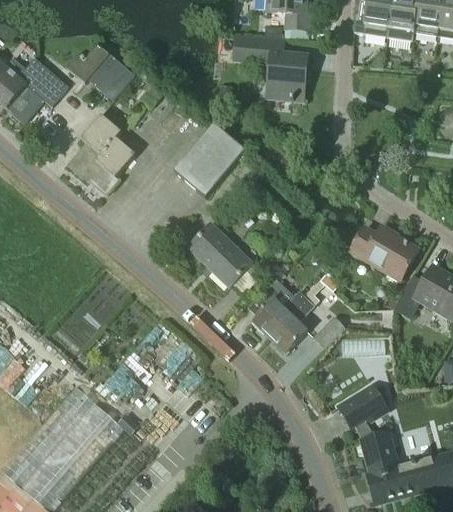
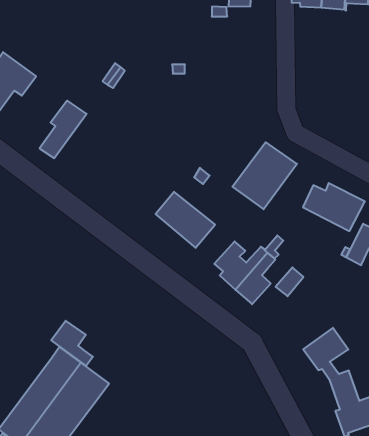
building: [232,35,306,99] -> none
building: [67,44,135,100] -> none
building: [173,123,245,196] -> [232,142,297,209]
building: [82,131,135,195] -> none
building: none -> [51,321,93,366]

